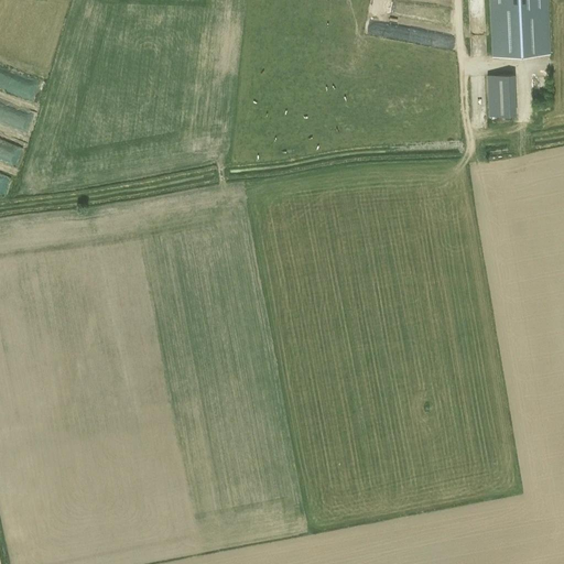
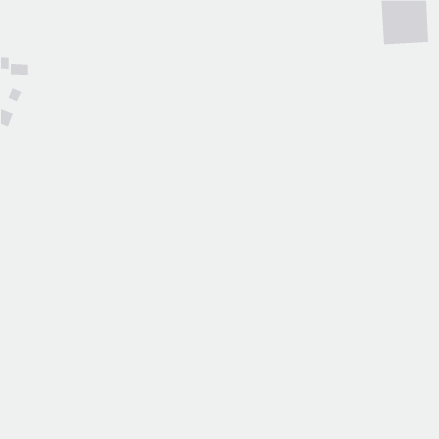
building: [486,74,516,117] -> none

